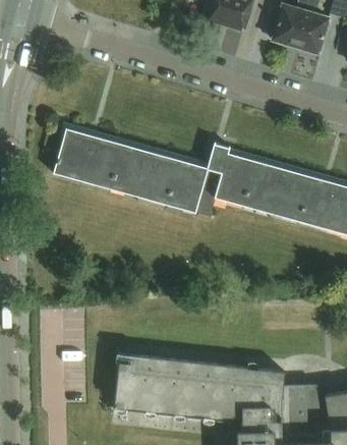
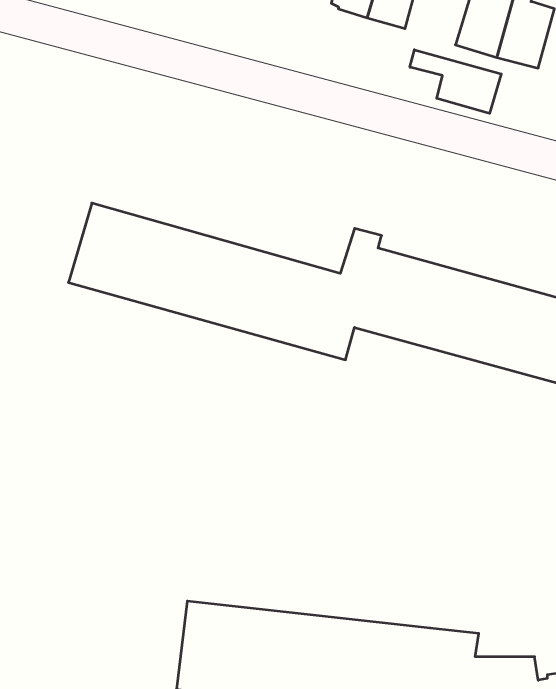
building: none -> [410,50,501,113]

